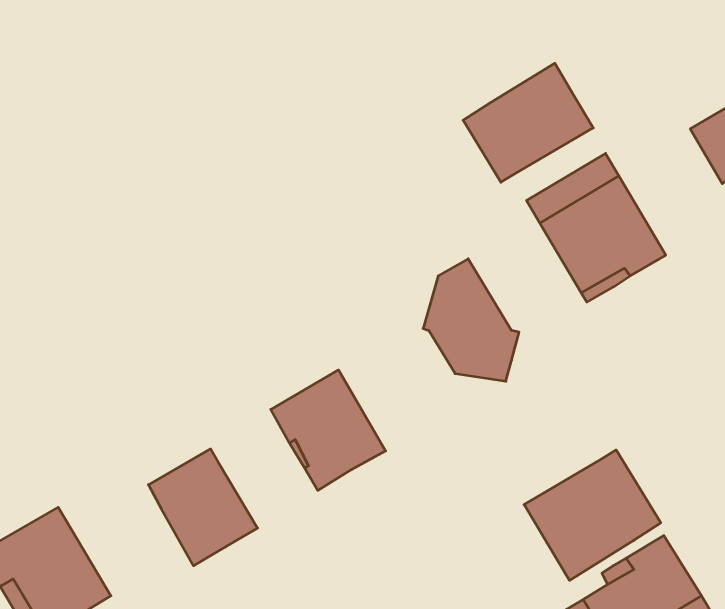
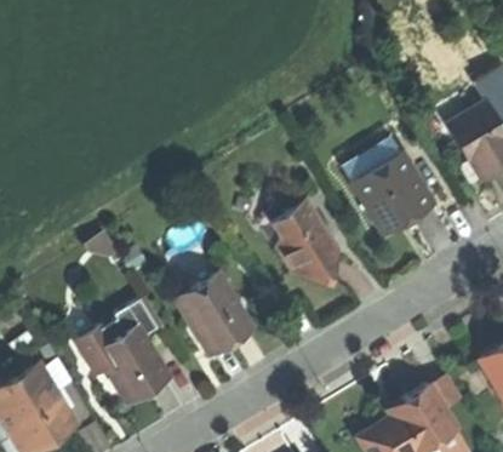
building: [463,63,593,182] -> none
building: none -> [79,297,164,372]
building: [524,450,661,580] -> none

